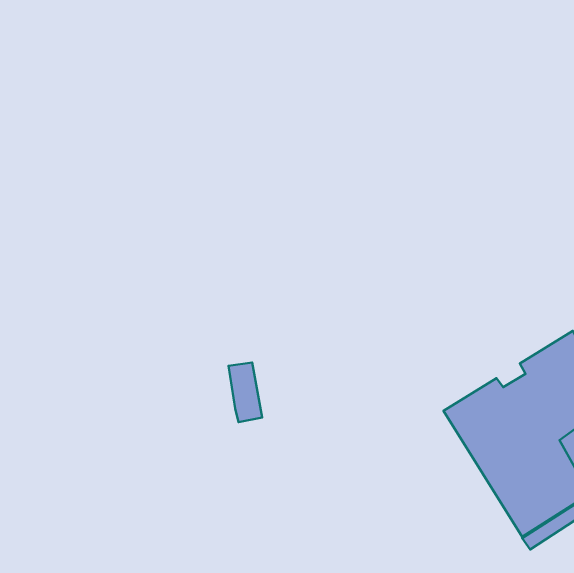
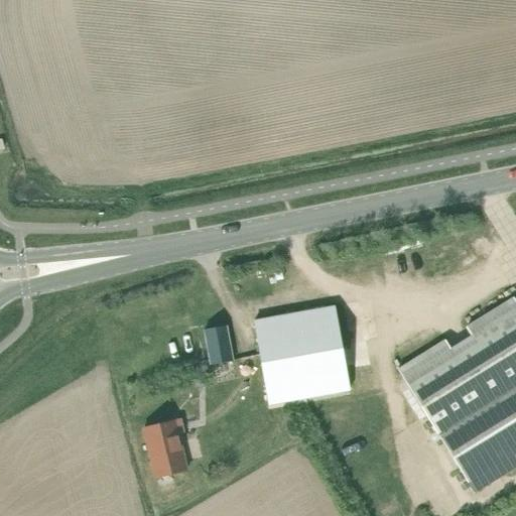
building: none -> [254,305,349,403]
building: none -> [144,417,187,476]

